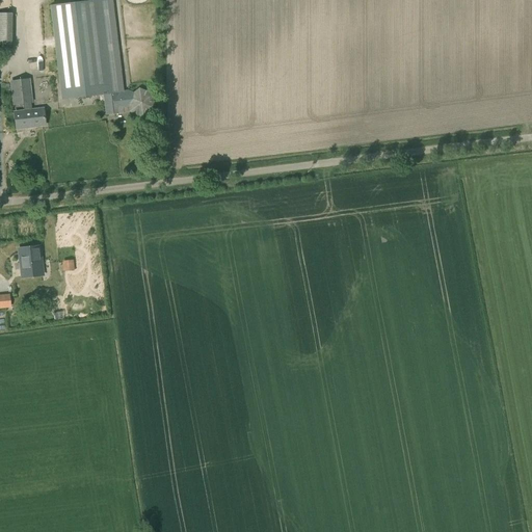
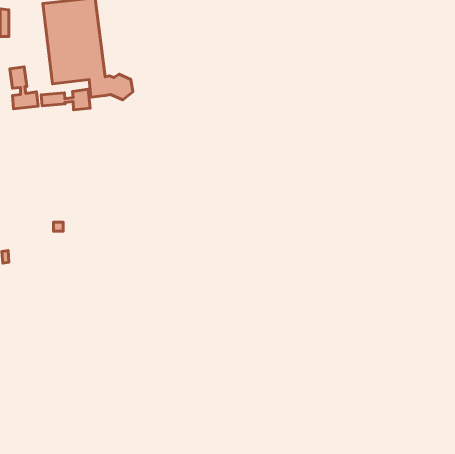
building: none -> [41,89,90,110]
building: [20,246,42,274] -> none

